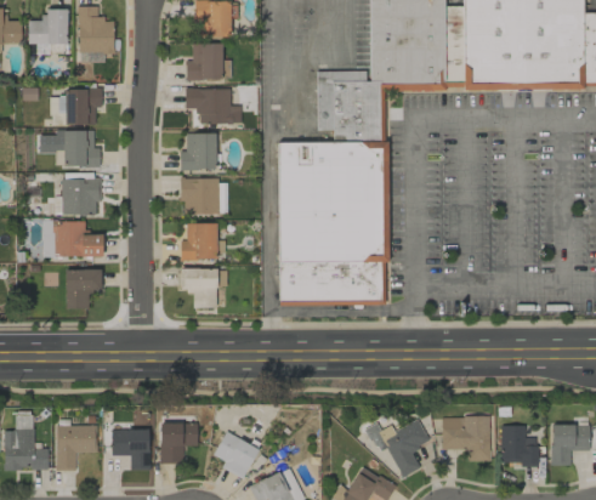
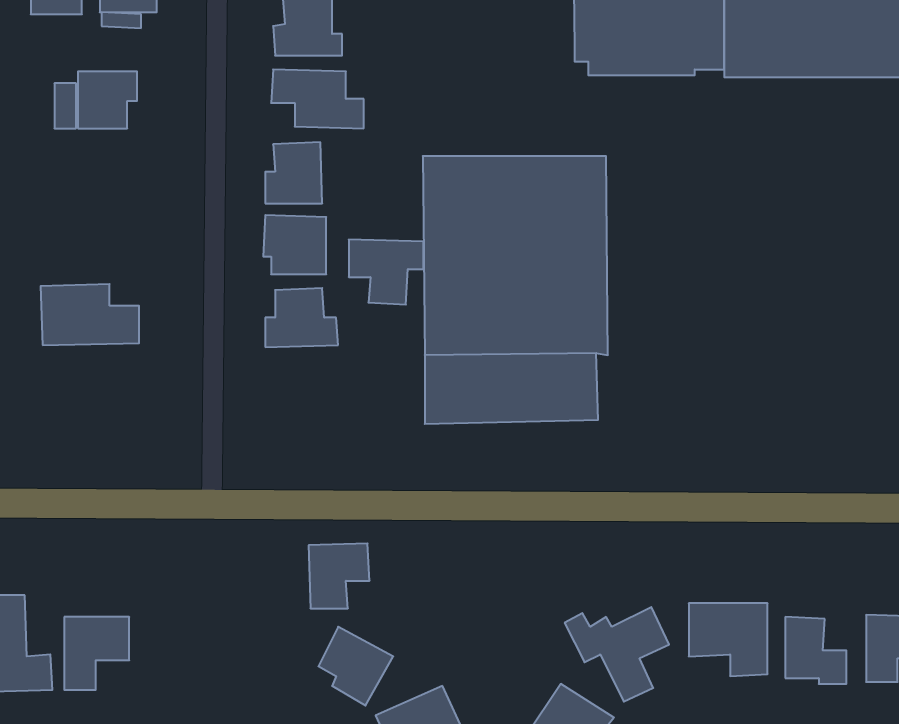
building: [317,73,386,141] -> none
building: [40,130,101,166] -> none
building: [62,178,102,215] -> none
building: [66,268,101,308] -> none
building: [181,268,227,308] -> [349,240,424,305]
building: [160,422,198,462] -> [309,543,370,608]
building: [112,428,149,470] -> none

